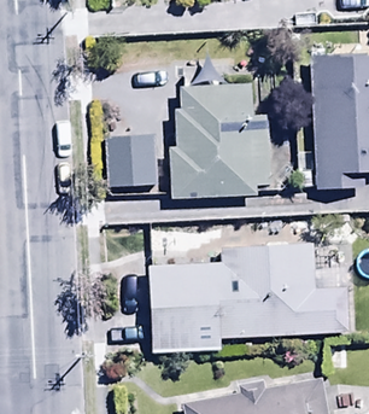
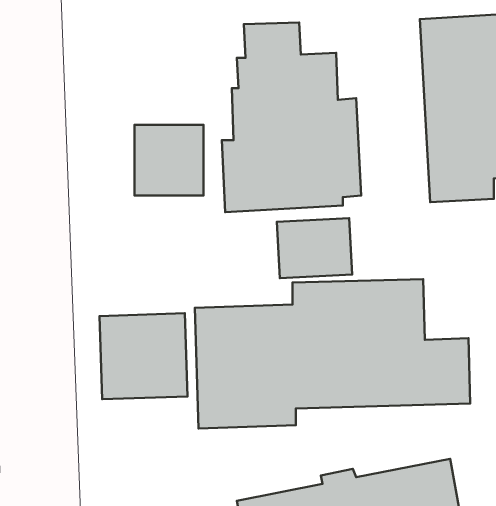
building: none -> [277,218,352,278]
building: none -> [99,313,188,399]

